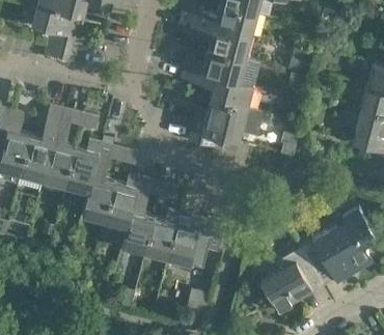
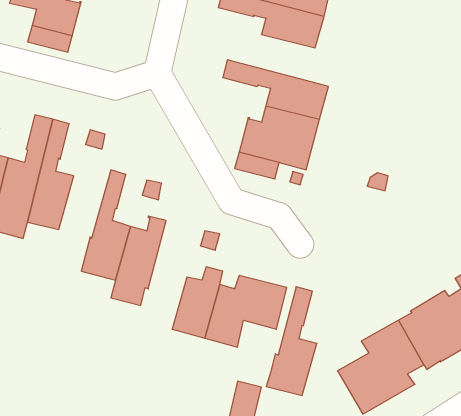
building: [184,49,245,81] -> none
building: [66,140,103,191] -> none
building: [120,178,156,254] -> [266,287,317,395]

